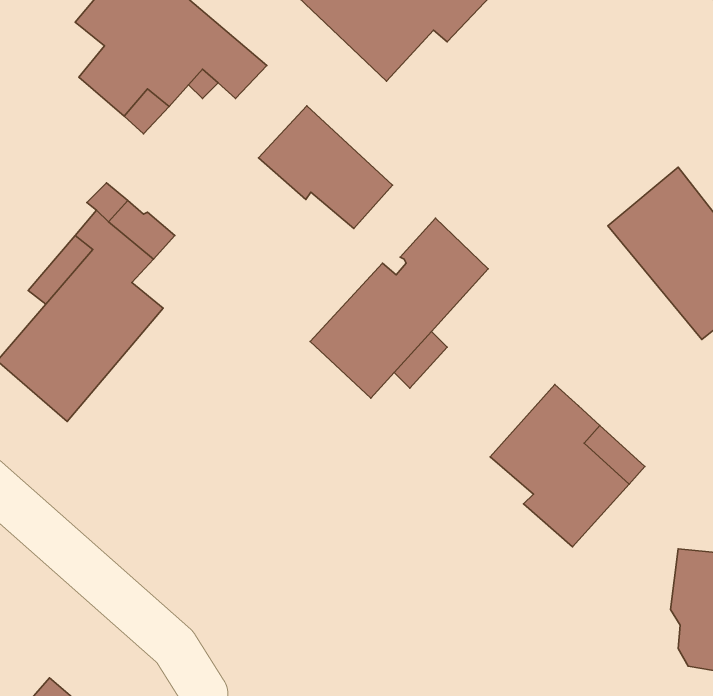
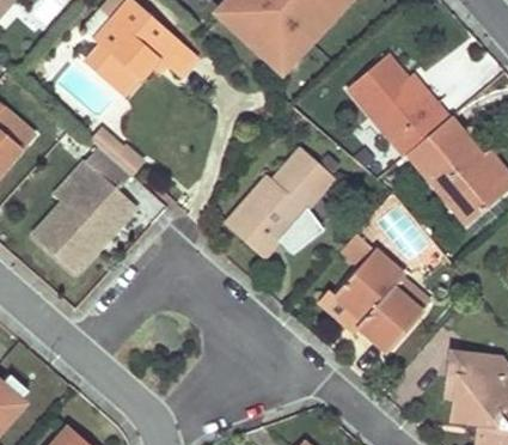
building: none -> [351,55,451,156]
building: [259,106,393,229] -> none

